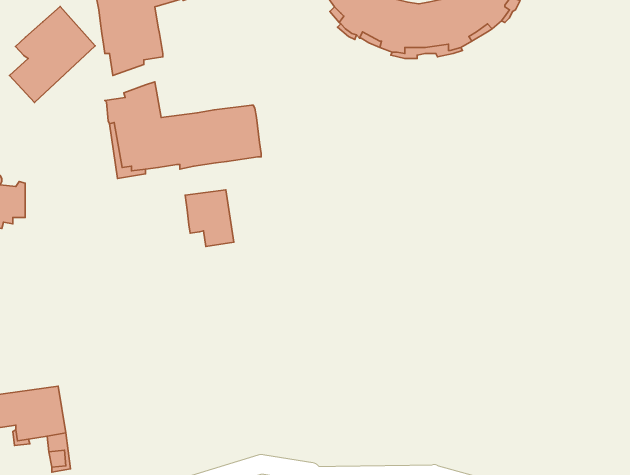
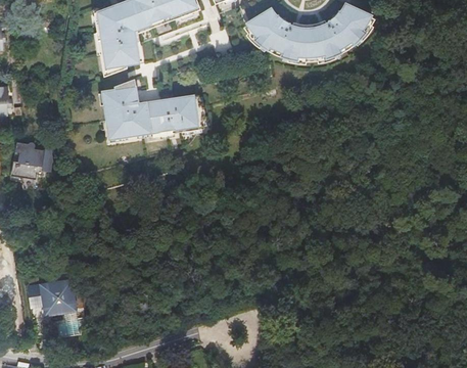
building: [10,6,95,102] -> none
building: [185,190,234,247] -> none

